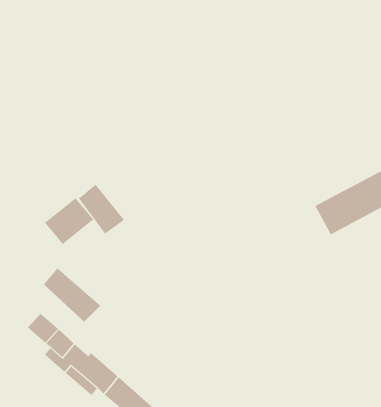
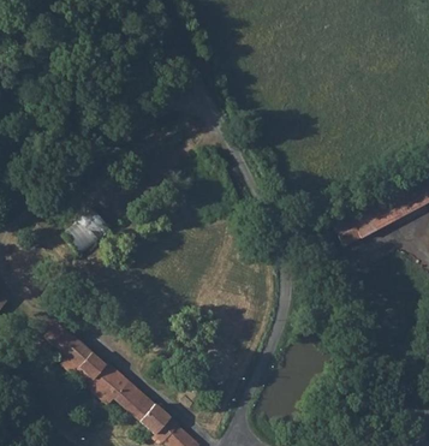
building: [78,184,125,234] -> none
building: [43,267,101,323] -> none

